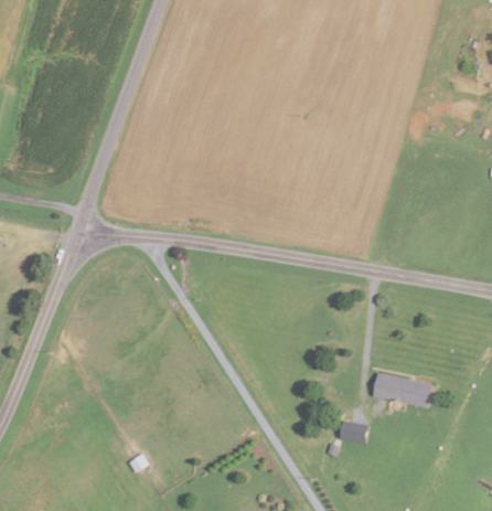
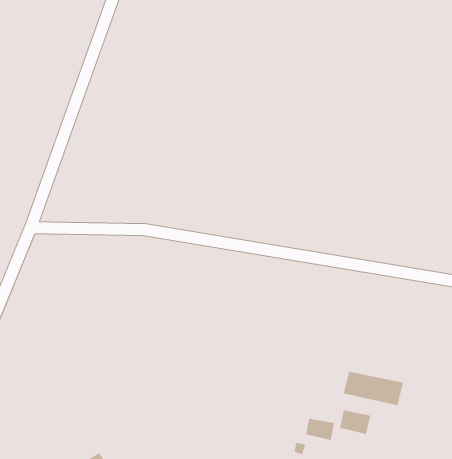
building: none -> [339,410,371,435]

